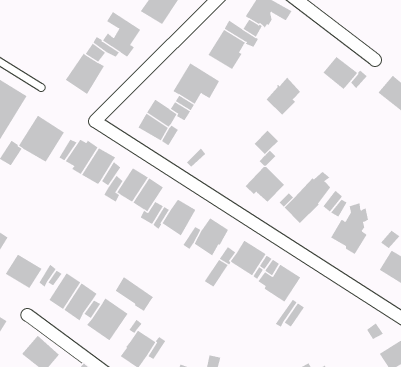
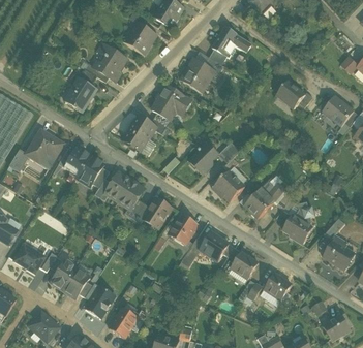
building: [266,77,301,116] -> [189,143,218,175]
building: [115,276,154,312] -> none
building: none -> [261,274,292,306]

